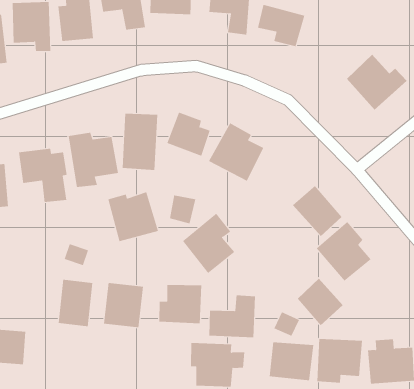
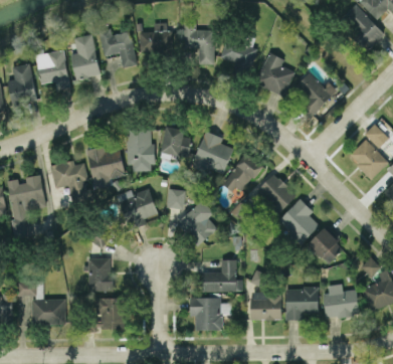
building: none -> [255,52,293,95]
building: none -> [223,153,261,194]
building: [297,278,344,326] -> [308,227,343,263]
building: [103,282,144,328] -> [96,297,125,329]
building: [159,284,202,324] -> none

